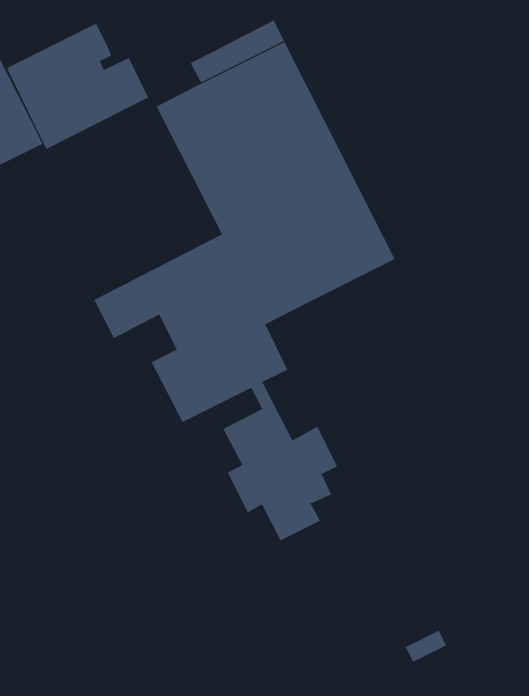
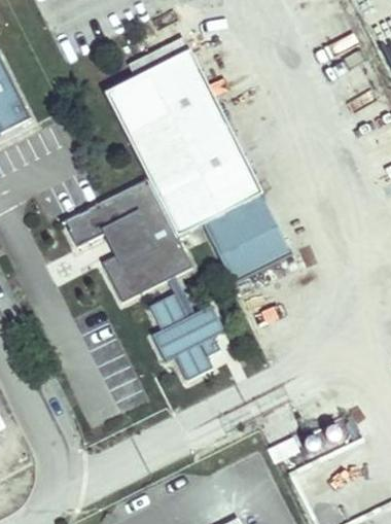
building: [6,23,149,150] -> none
building: none -> [204,194,293,283]

